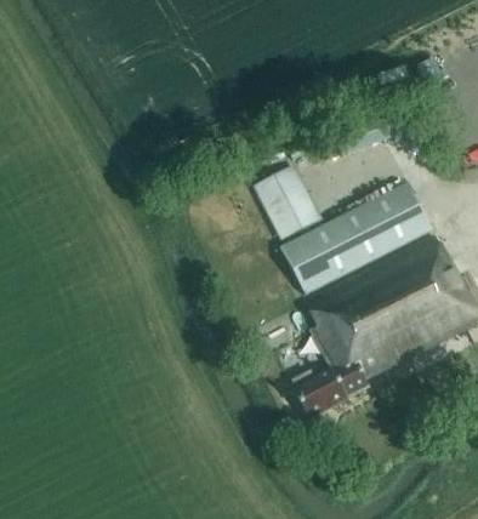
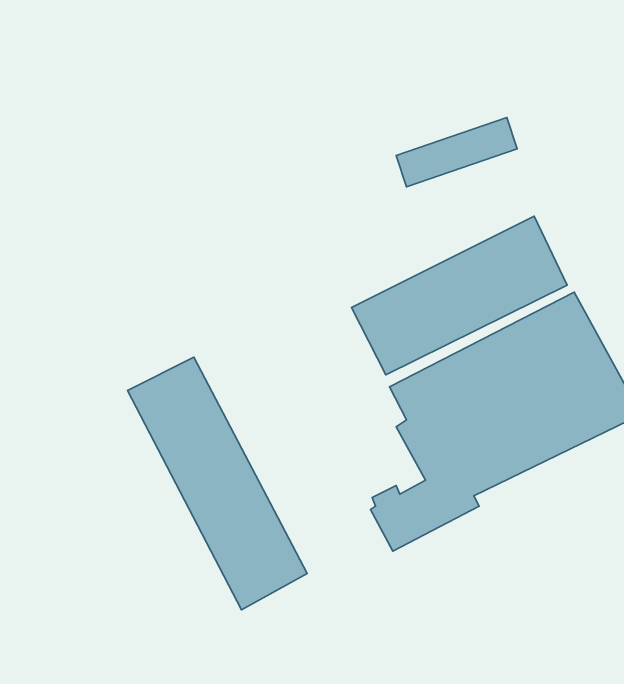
building: [252,166,321,241] -> none
building: none -> [128,357,307,610]

